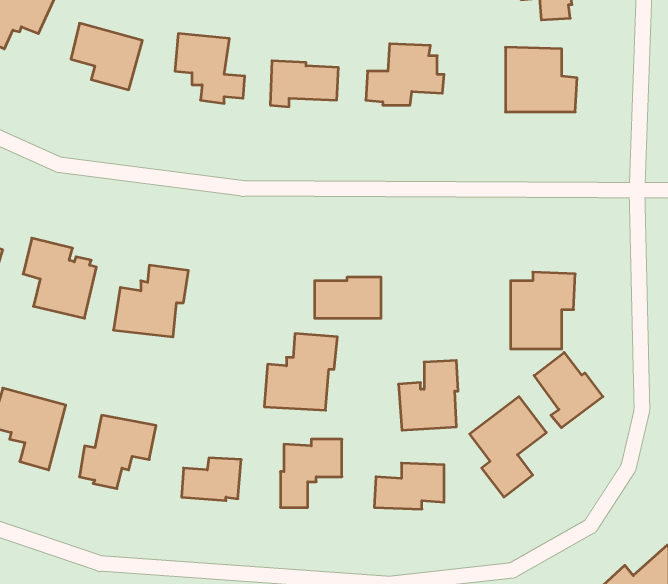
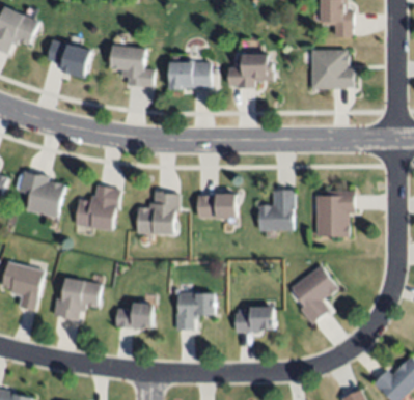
building: [264,334,337,410] -> [135,188,180,234]
building: [534,352,603,428] -> none
building: [398,360,458,430] -> [256,189,293,231]

